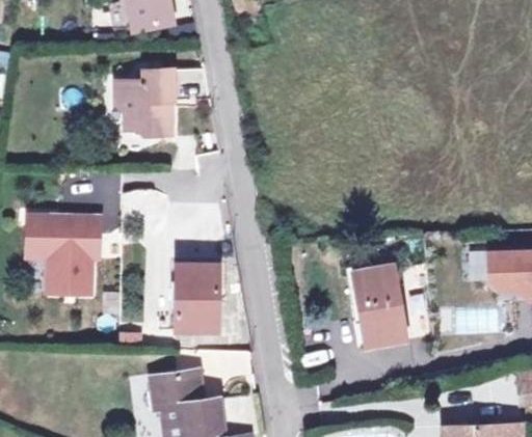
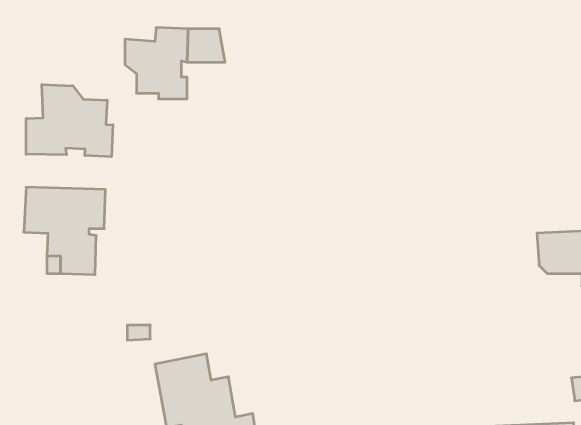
building: none -> [26,84,113,157]
building: [176,263,218,329] -> none
building: [354,267,408,349] -> none

